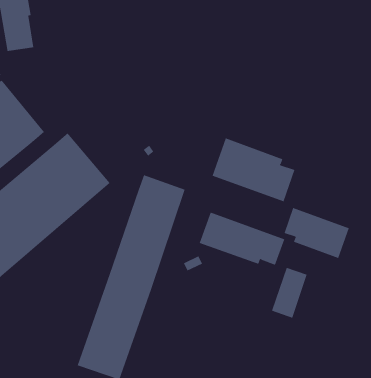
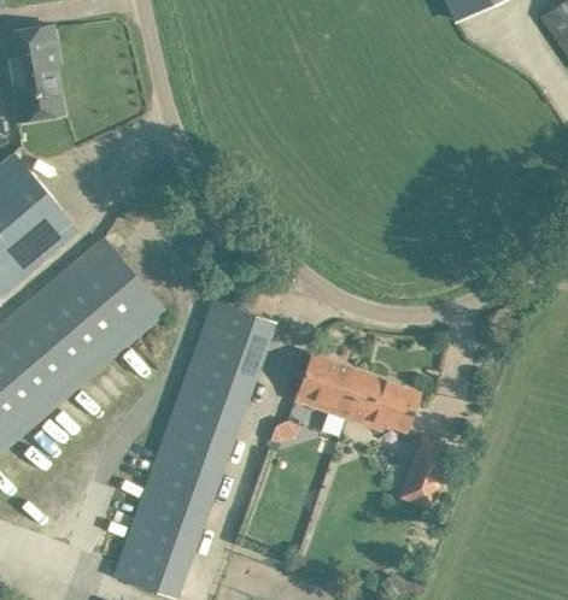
building: [212,137,295,202] -> none
building: [284,207,350,259] -> none

